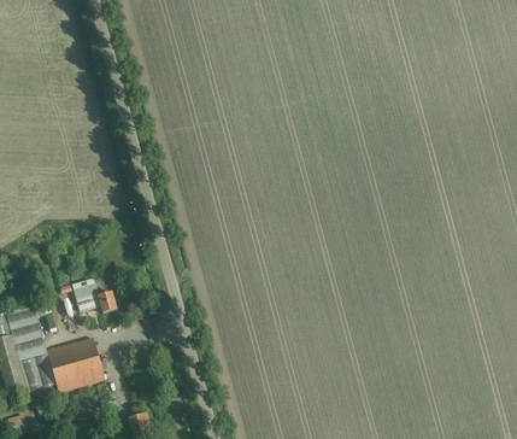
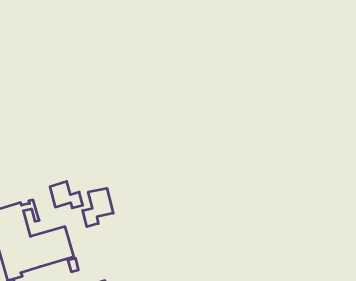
building: none -> [83,188,113,227]

